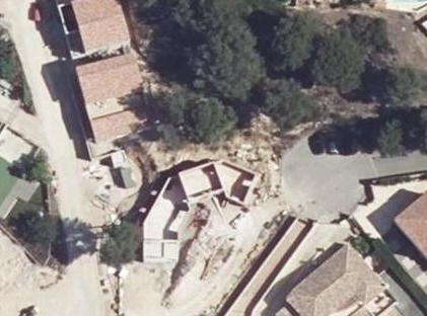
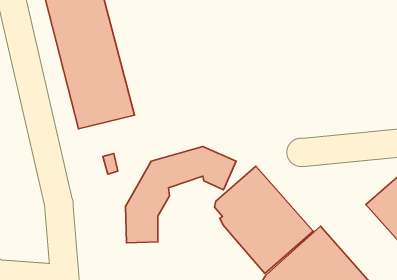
building: none -> [214,166,313,274]

